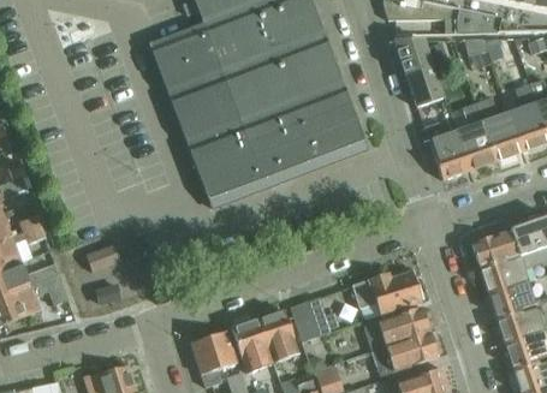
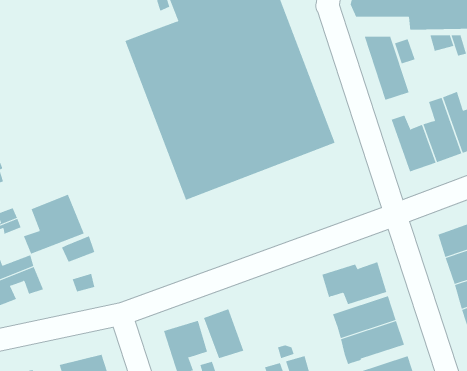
building: none -> [23,194,84,254]
building: [289,297,338,341] -> none
building: [257,309,298,362] -> none

